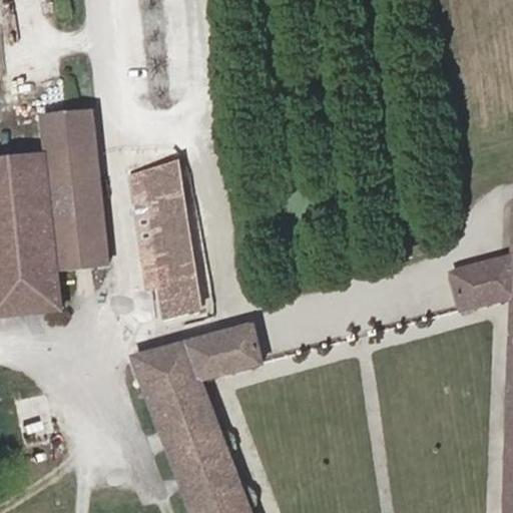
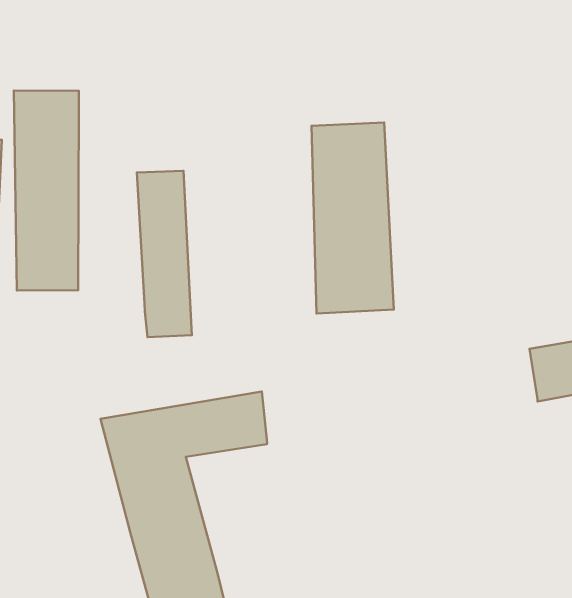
building: none -> [311,123,394,313]
building: [162,288,199,315] -> none

